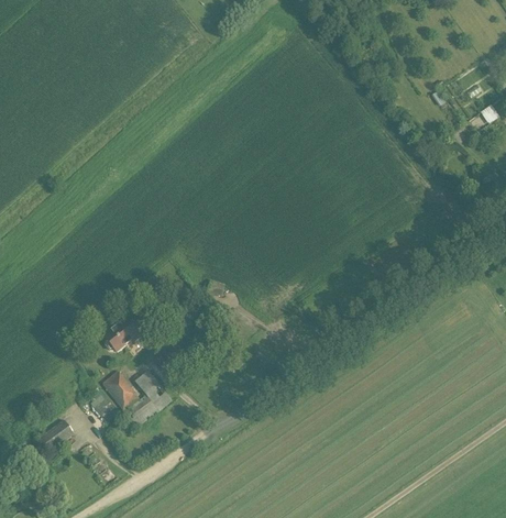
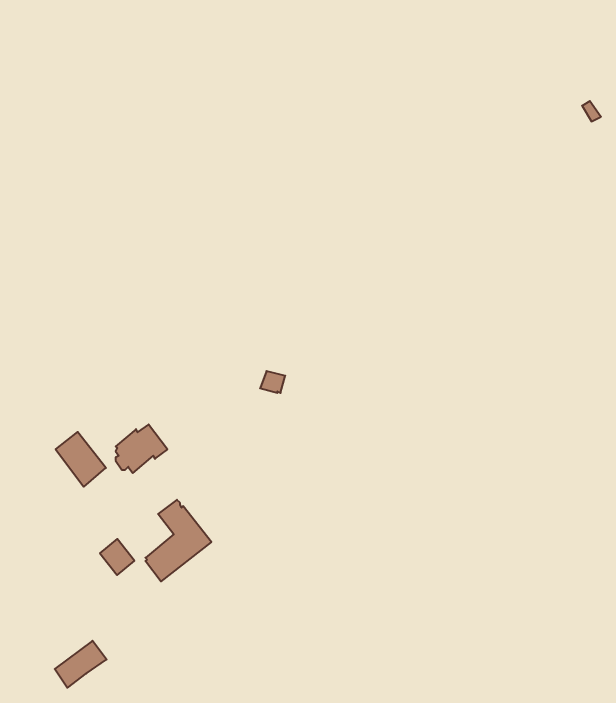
building: [102,370,138,408] -> [56,432,106,487]
building: [36,418,73,451] -> [55,641,107,688]

